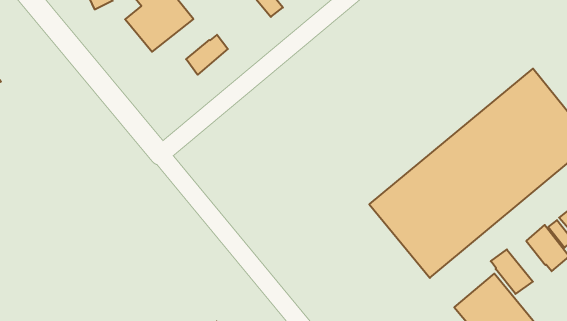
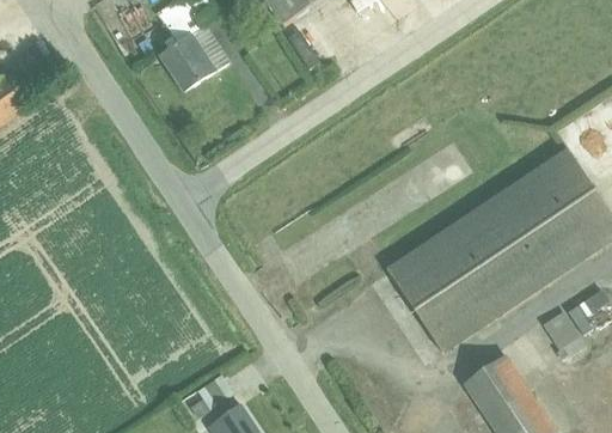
building: [186,35,228,75] -> none
building: [491,249,533,294] -> none

